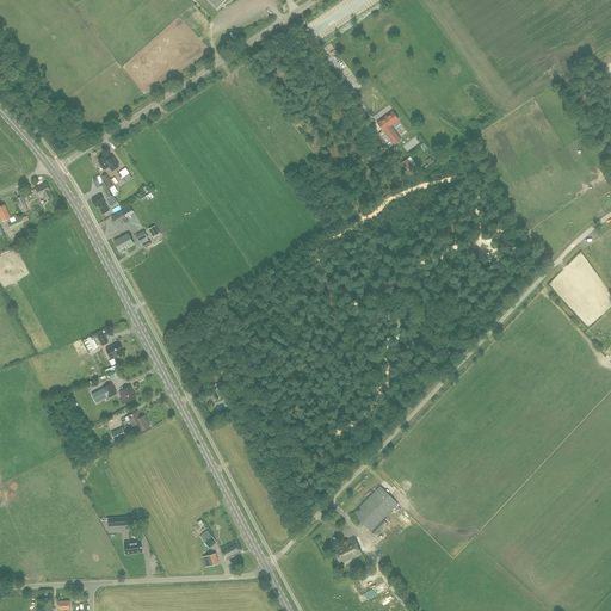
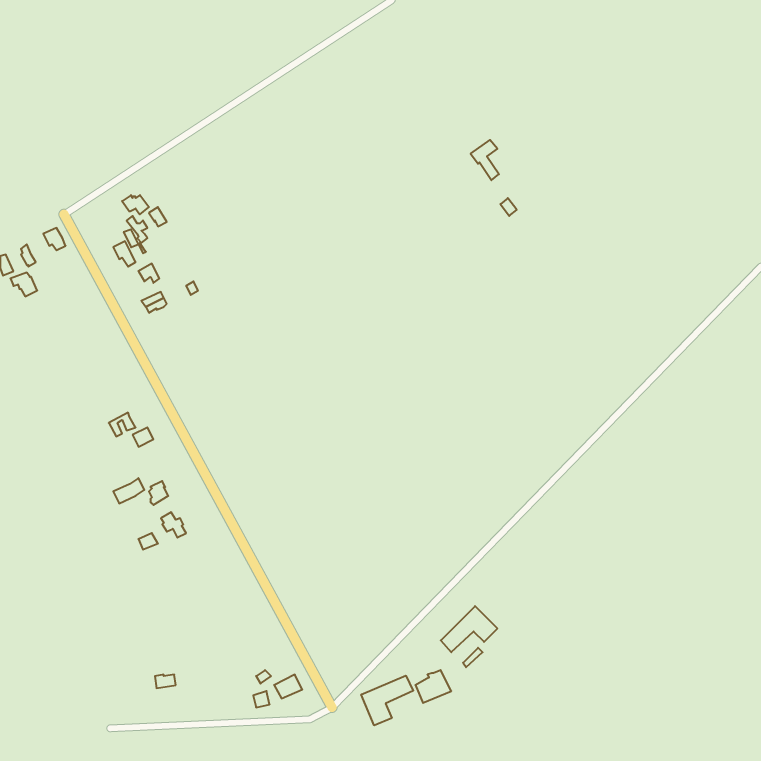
building: none -> [361,676,413,725]

